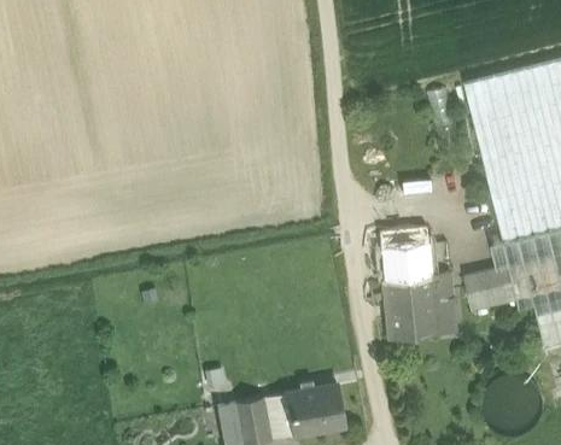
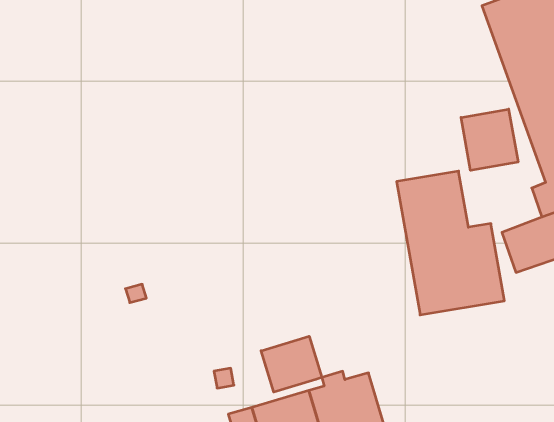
building: none -> [461,109,518,170]
building: none -> [261,336,322,392]

